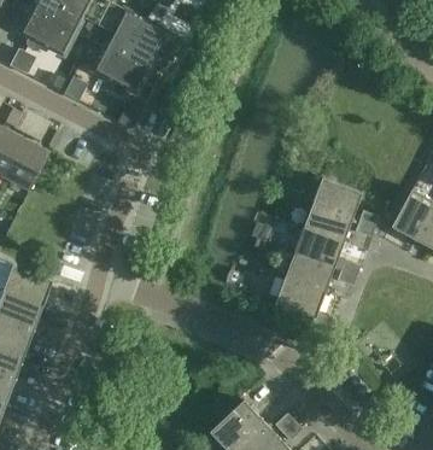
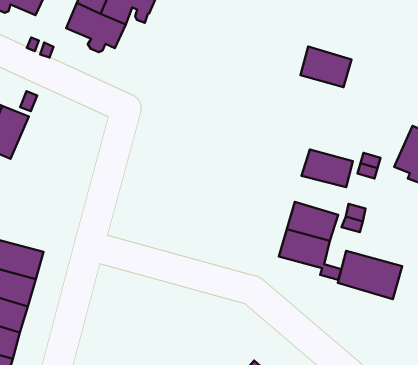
building: [311,177,361,218] -> [300,47,351,87]
building: [293,228,343,268] -> none
building: none -> [338,251,402,299]

